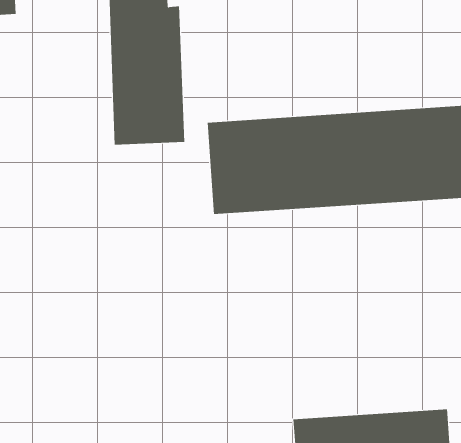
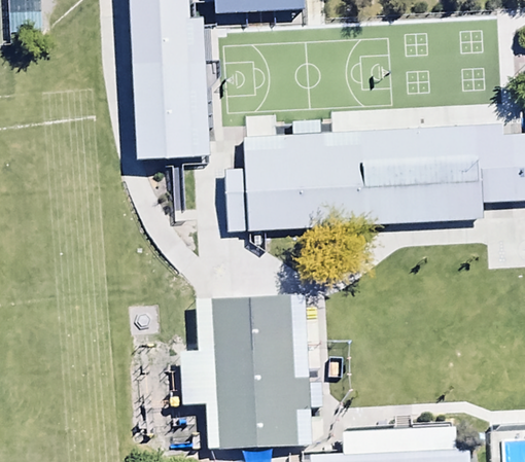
building: none -> [198,292,301,446]

